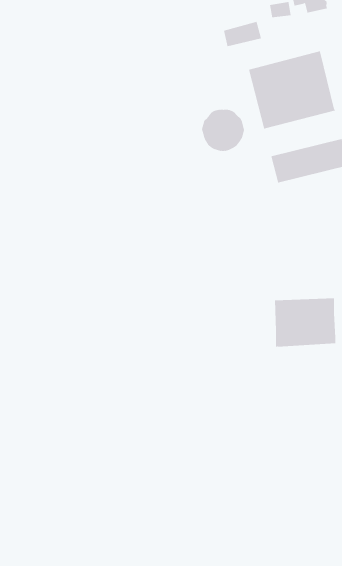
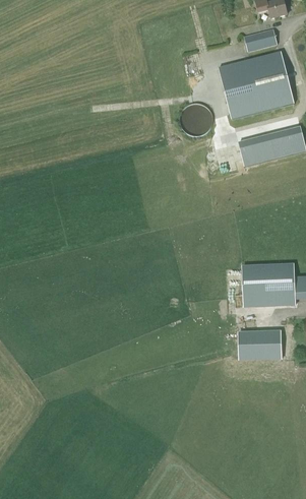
building: [223,21,262,47] -> [244,27,278,50]
building: none -> [239,331,281,361]

